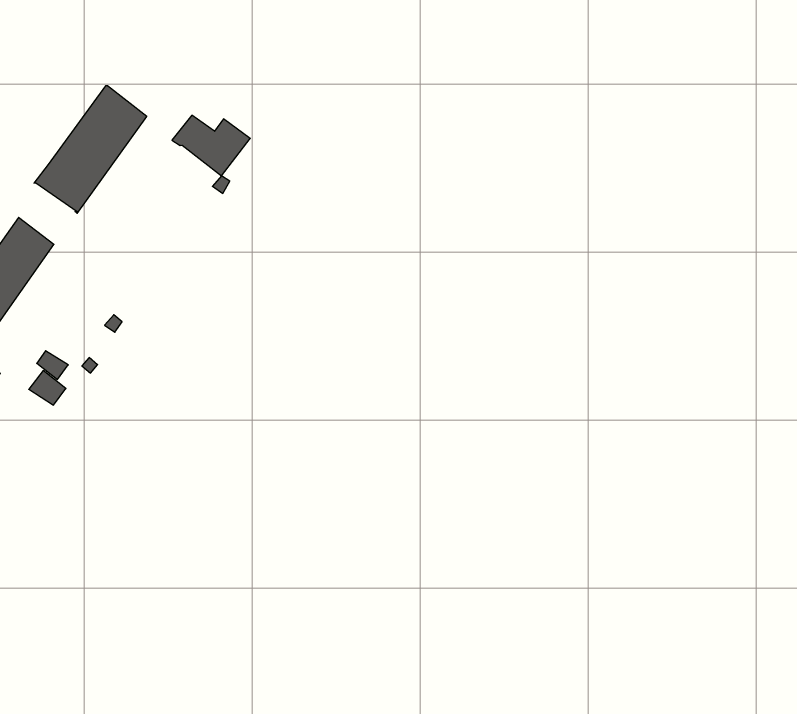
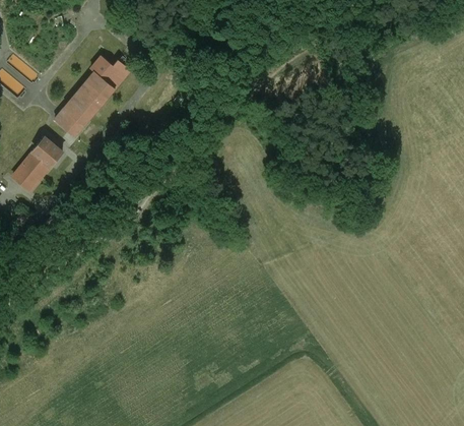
building: [172,115,250,176] -> [90,56,131,88]

